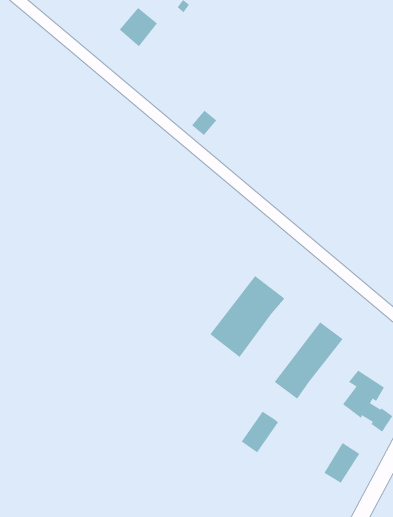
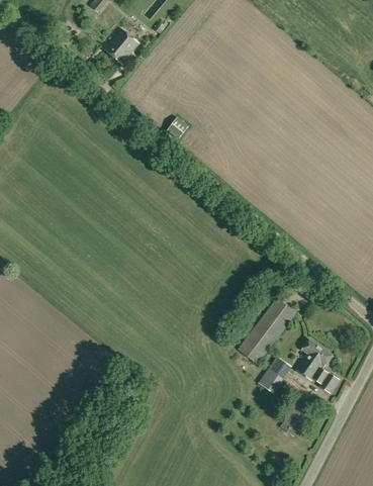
building: [210,275,285,358] -> none
building: [241,411,279,453] -> [258,357,290,393]

